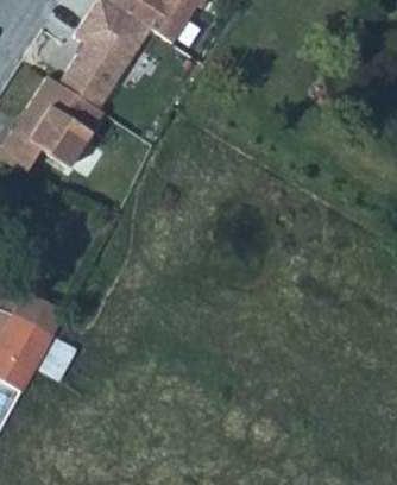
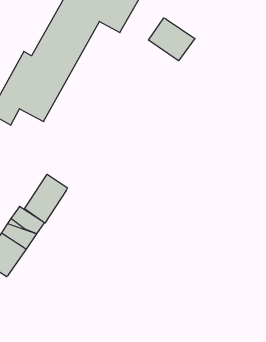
building: none -> [148,18,195,61]
building: none -> [24,174,67,223]

